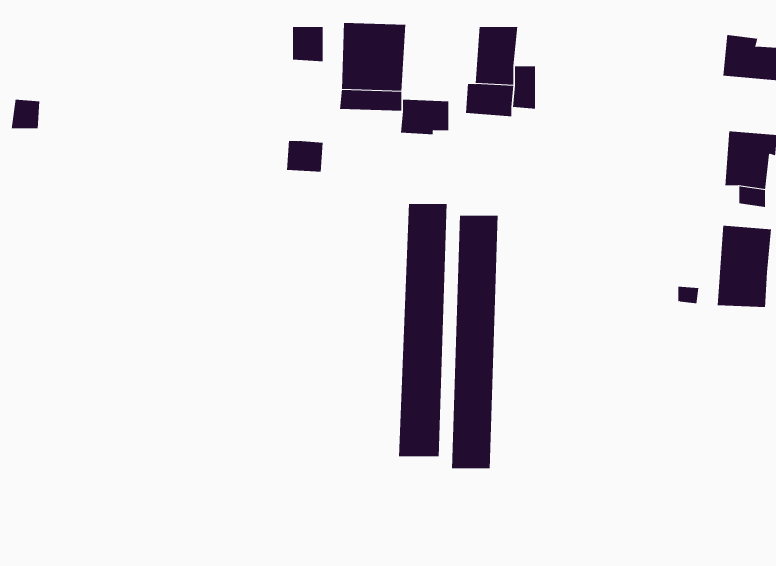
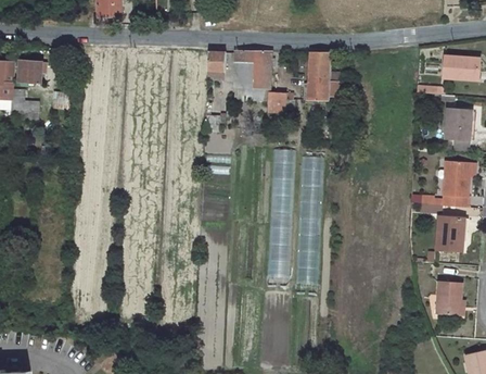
building: none -> [435,215,469,249]
building: none -> [435,280,461,315]

